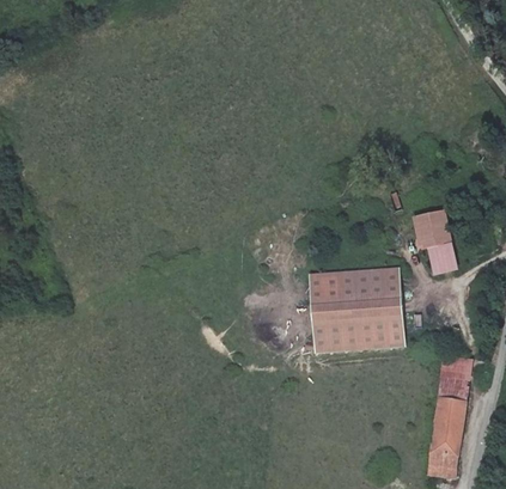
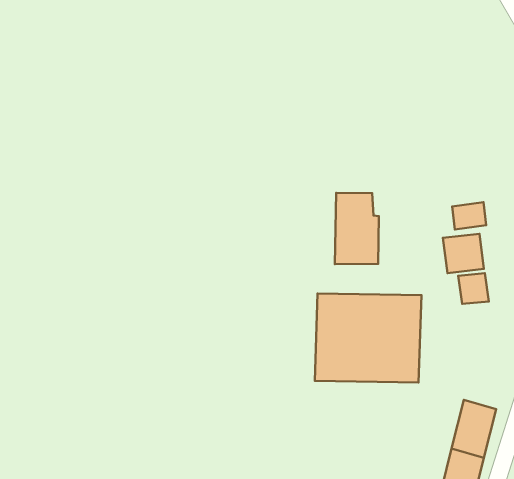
building: none -> [452,202,486,230]
building: none -> [335,193,379,264]

